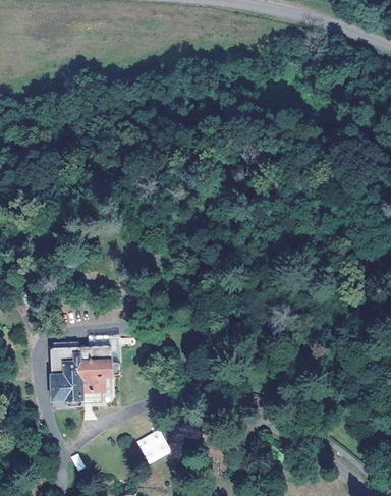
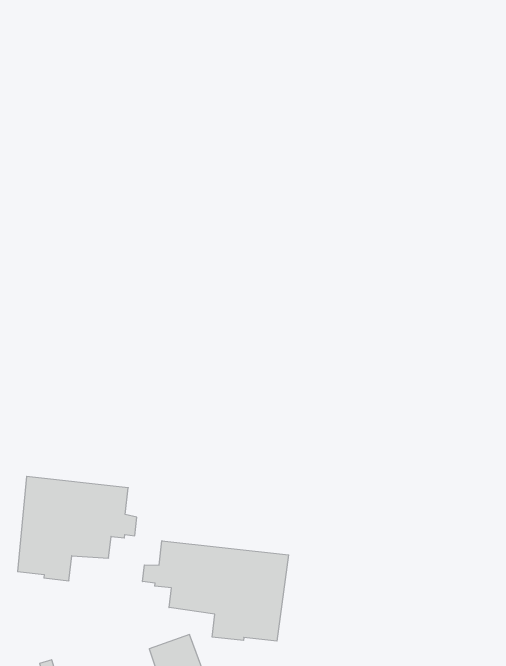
building: none -> [143,541,289,641]

